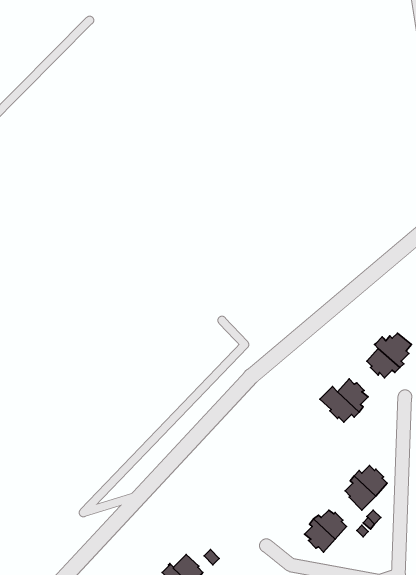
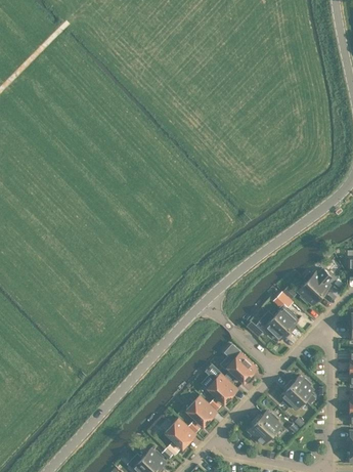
building: none -> [227,352,258,383]
building: none -> [207,374,236,404]
building: none -> [186,396,217,427]
building: none -> [165,419,194,449]

